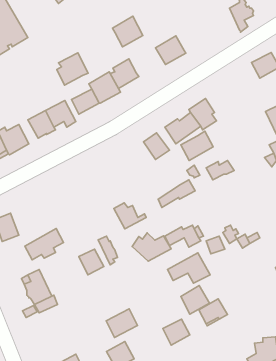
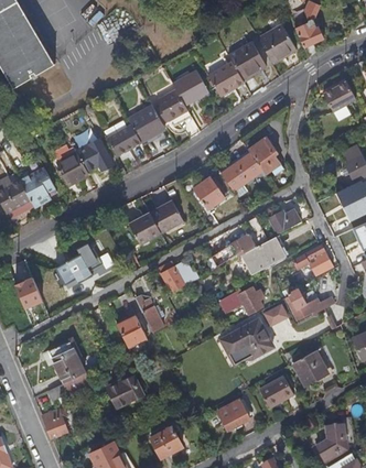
building: none -> [258,24,295,63]
building: [112,16,143,47] -> [172,69,208,106]
building: none -> [228,42,266,79]
building: [57,53,88,85] -> none
building: [181,131,213,161] -> [247,236,286,271]
building: none -> [129,200,183,244]
building: none -> [290,244,332,275]
building: [25,229,64,260] -> [55,247,101,284]
building: [132,233,171,261] -> none
building: [181,285,209,314] -> [292,350,326,384]
building: [106,309,137,338] -> [106,374,143,409]
building: none -> [42,409,67,438]

